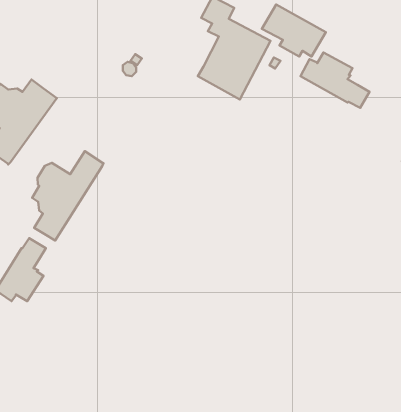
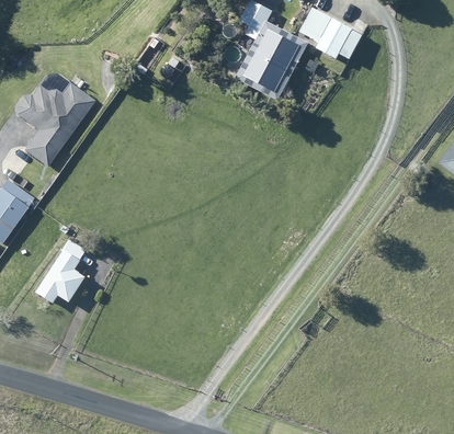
building: [301,53,370,108] -> none
building: [32,151,104,241] -> none

